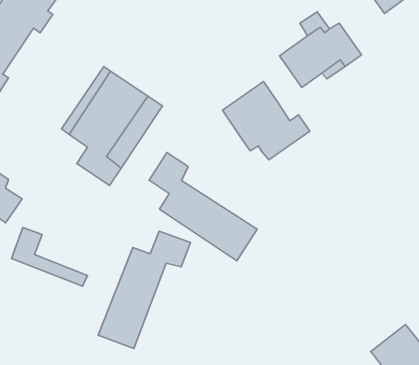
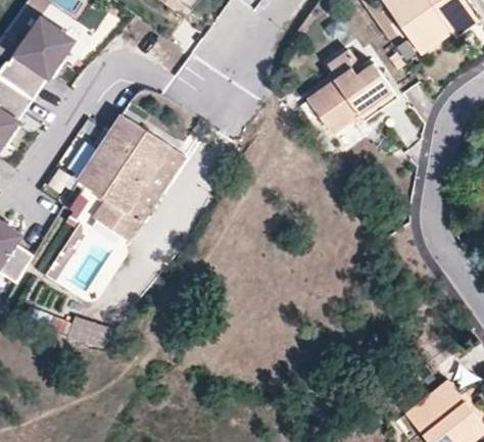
building: [223,81,310,160] -> none
building: [149,152,257,261] -> none
building: [98,231,191,348] -> none

